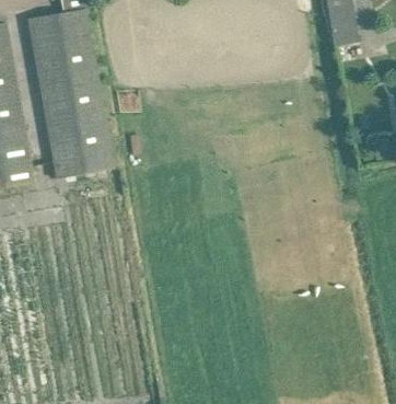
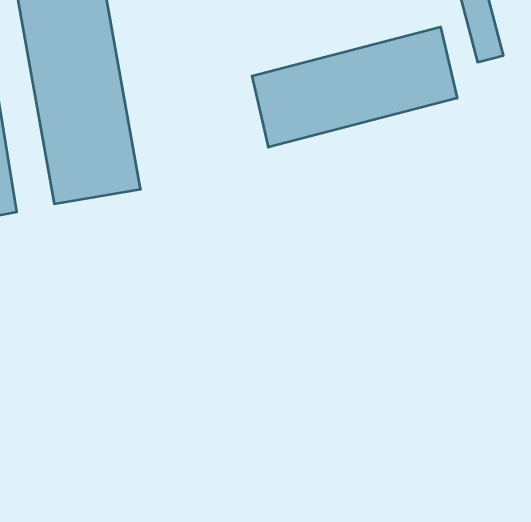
building: none -> [252,27,457,147]

